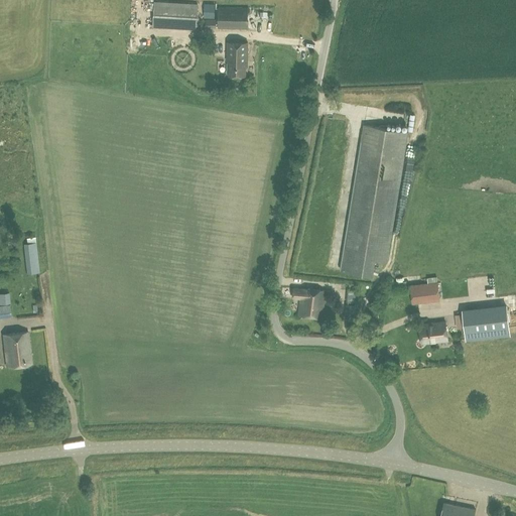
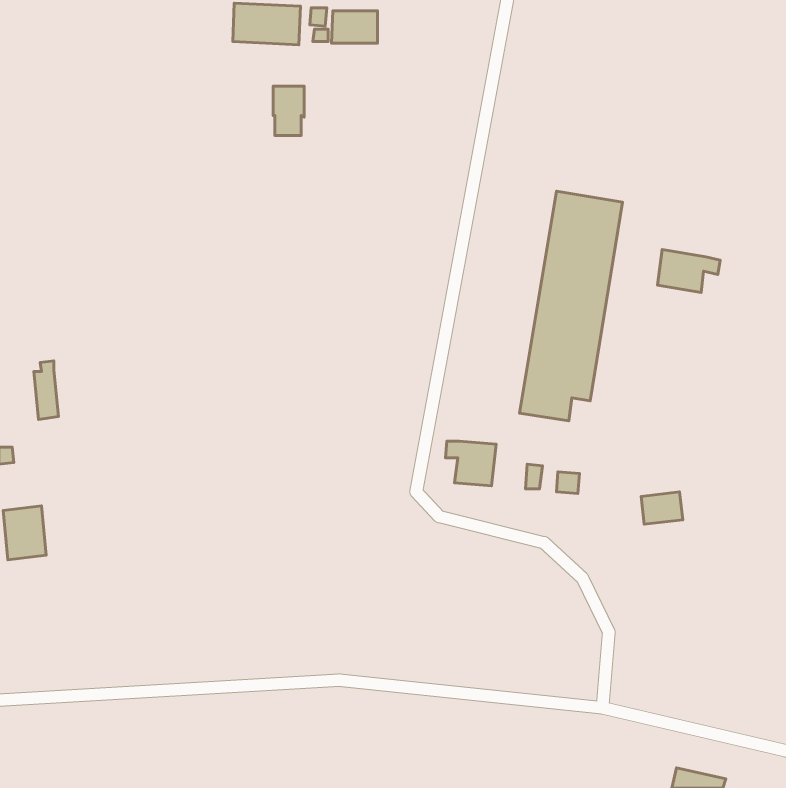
building: [227,42,247,75] -> [273,86,304,136]
building: none -> [658,249,720,292]
building: [409,282,438,303] -> none
building: [462,309,509,343] -> none

